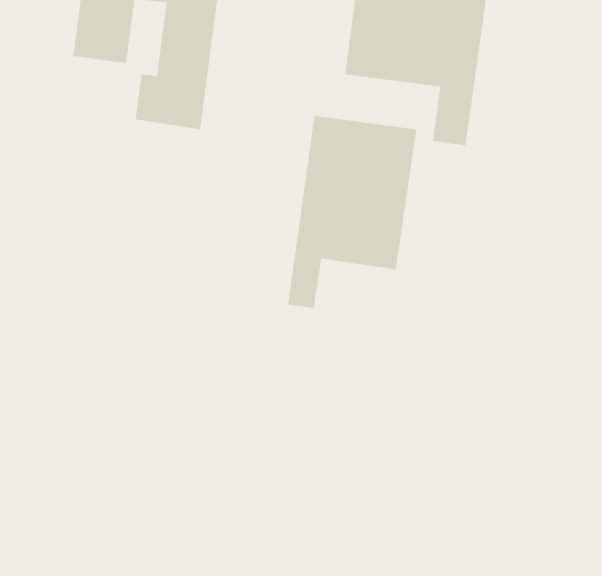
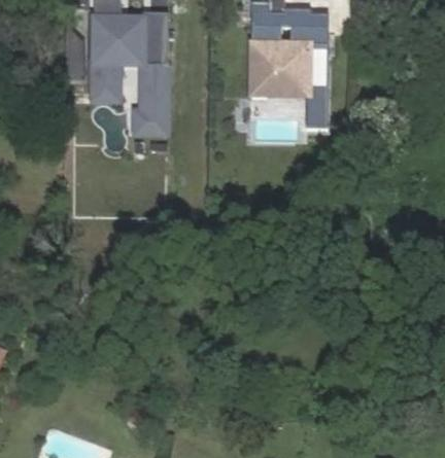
building: [288,115,417,309] -> none

